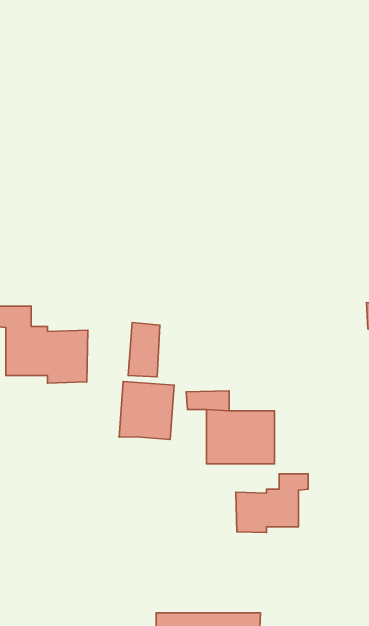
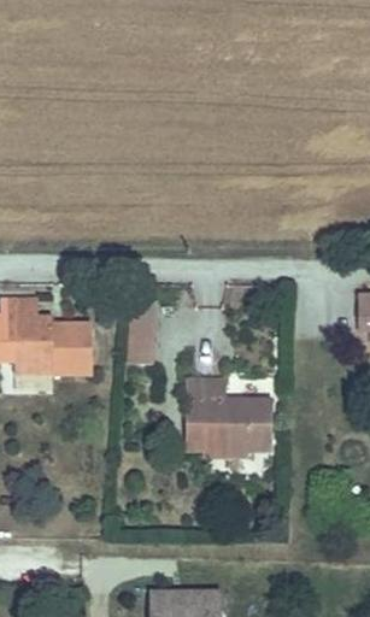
building: [119,382,174,439] -> none
building: [236,474,308,533] -> none

